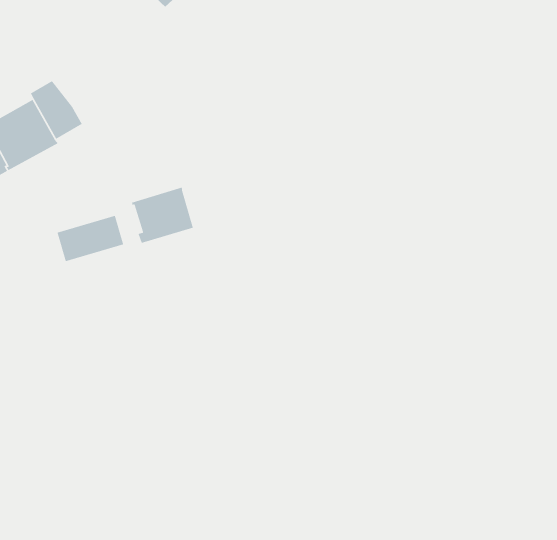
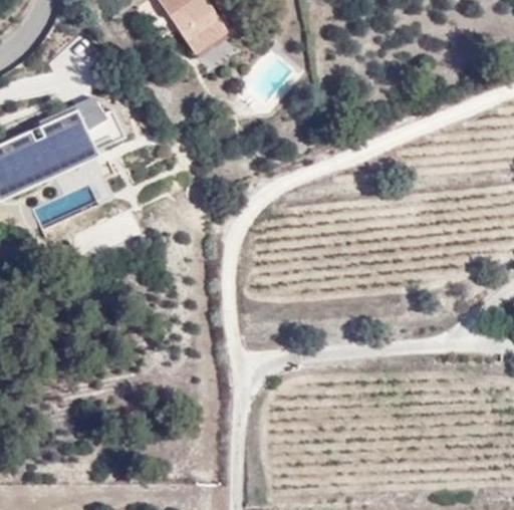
building: [131,186,194,244] -> none

